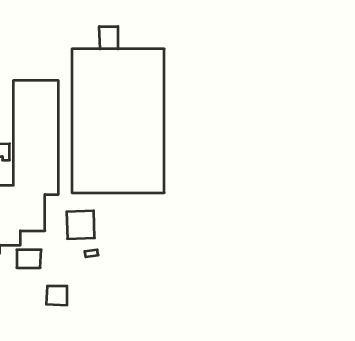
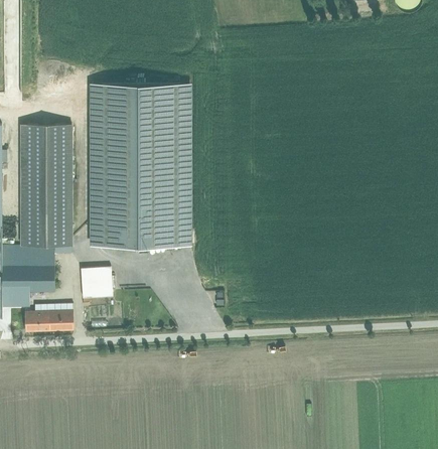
building: [99,26,118,49] -> none
building: [46,286,67,305] -> [51,310,75,331]

